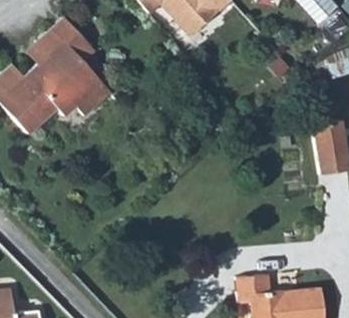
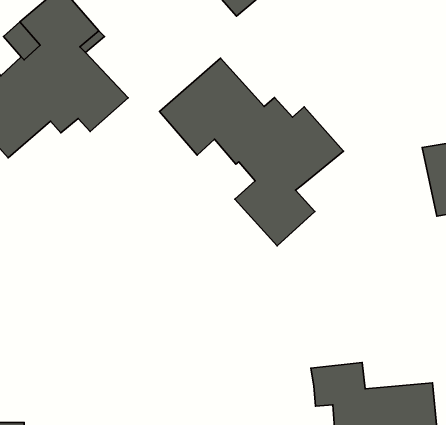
building: none -> [159,58,343,246]

